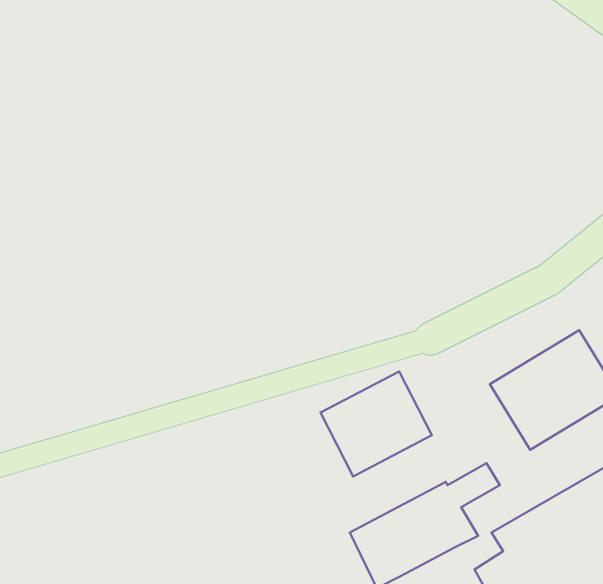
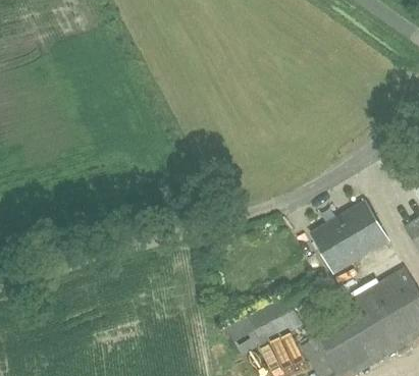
building: [321,372,432,476] -> none

